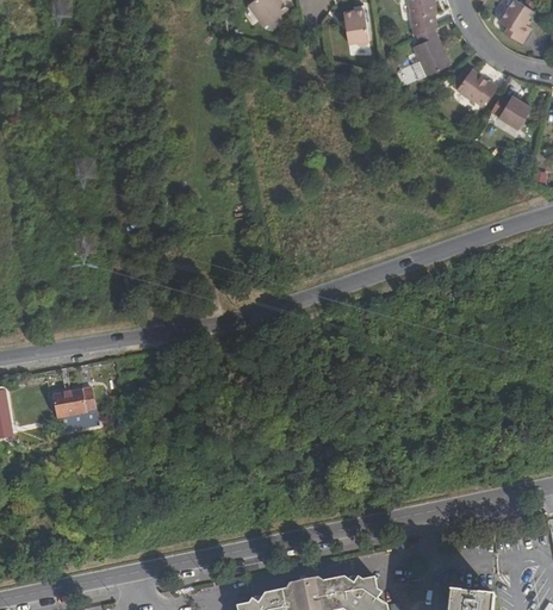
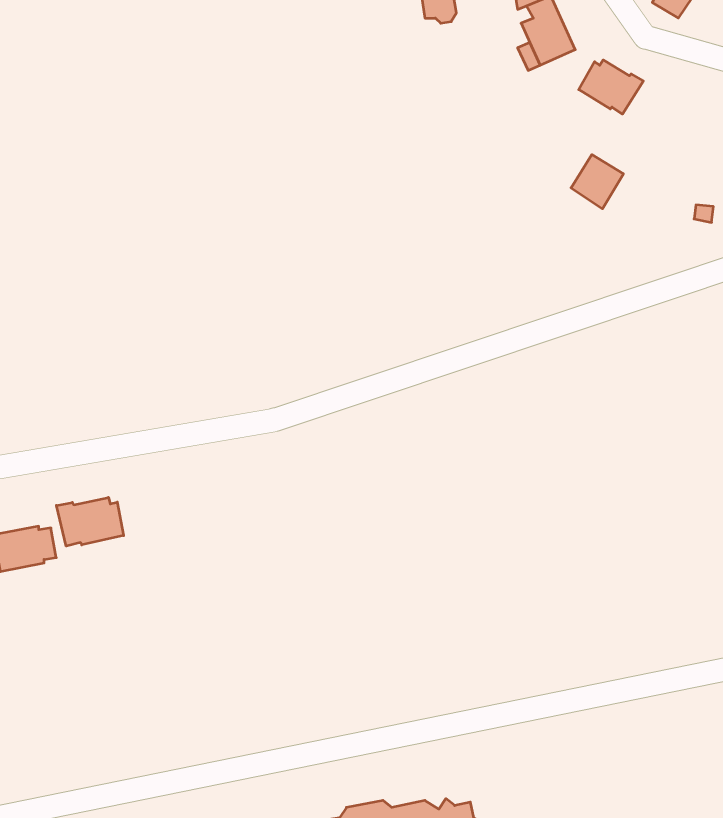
building: [495,93,530,130] -> [571,155,623,209]
building: none -> [56,497,124,546]

